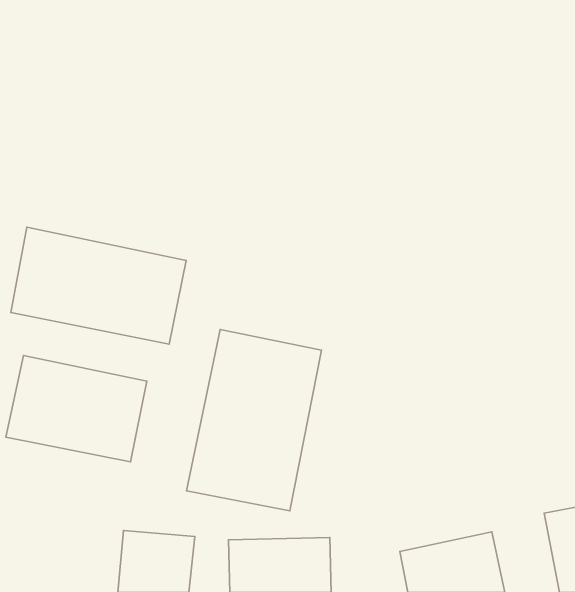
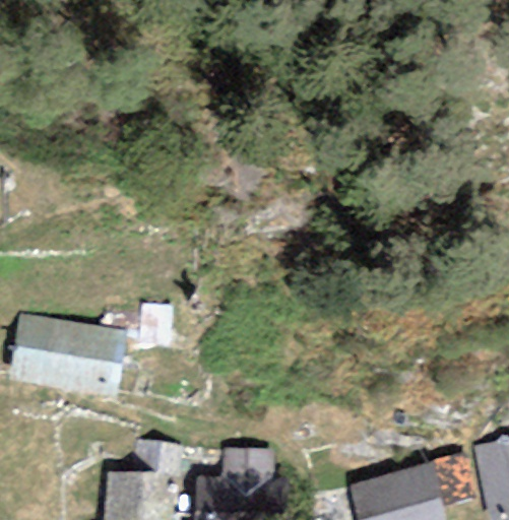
building: [11,227,186,344] -> none
building: [186,329,322,511] -> none

